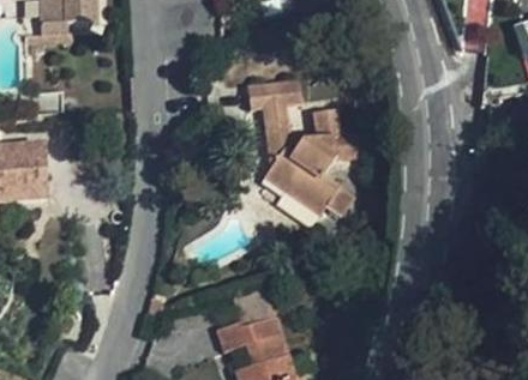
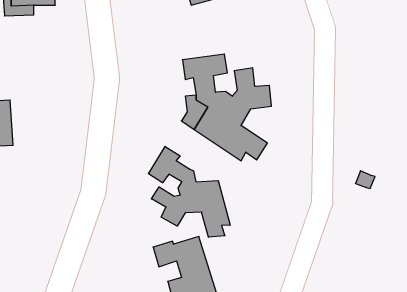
building: none -> [148,146,230,237]

